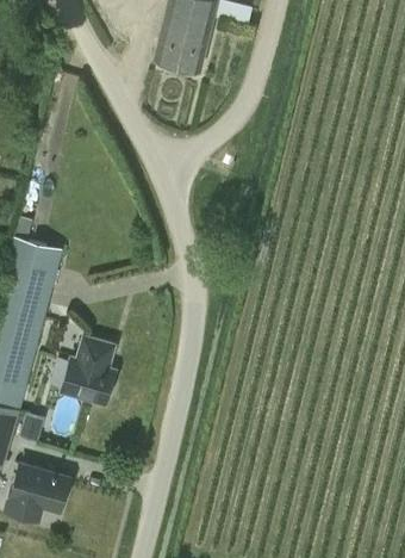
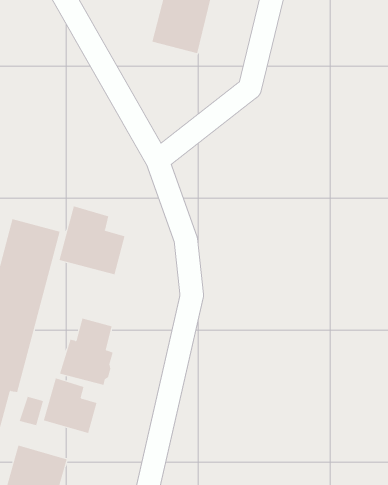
building: none -> [59,206,125,275]
building: none -> [43,377,97,434]

